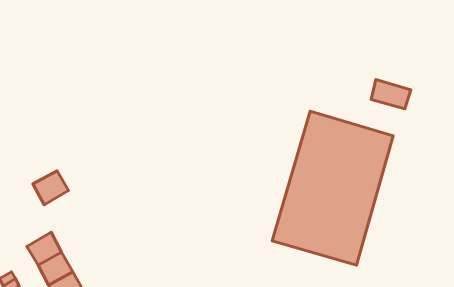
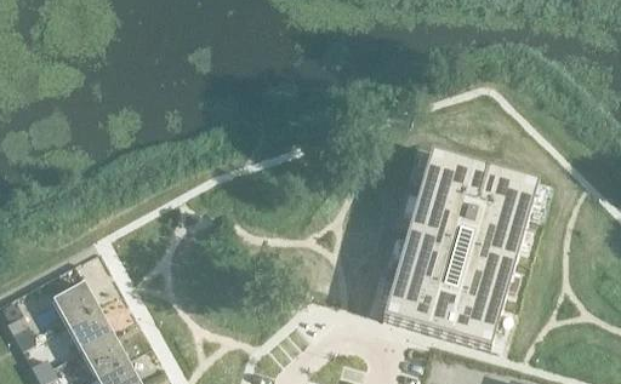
building: [371,80,411,109] -> none
building: [33,171,69,205] -> [51,282,97,326]

